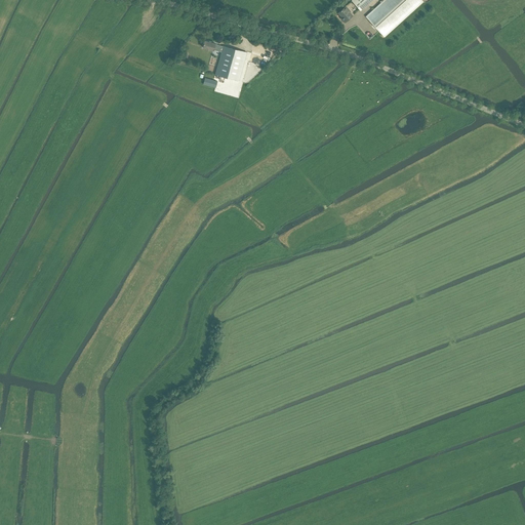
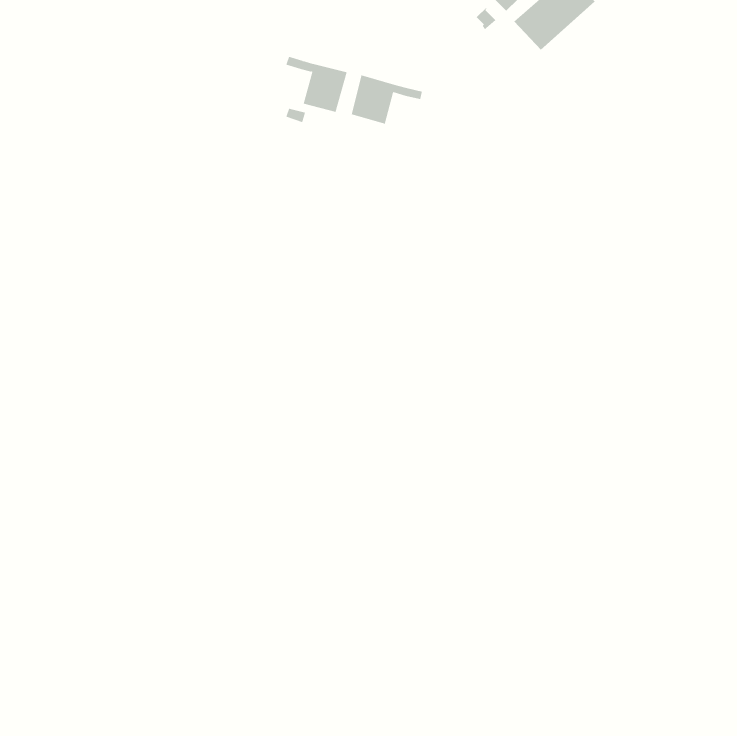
building: none -> [351,75,422,124]

